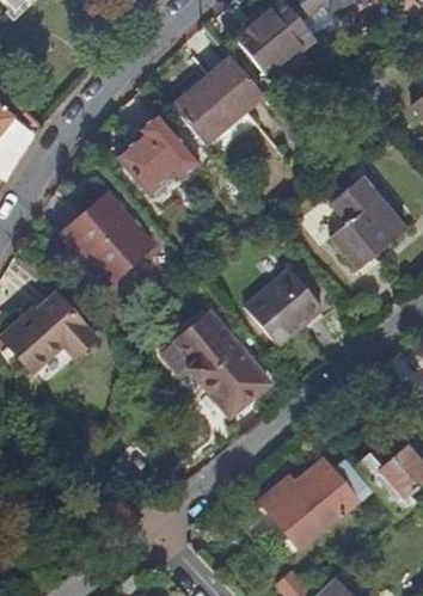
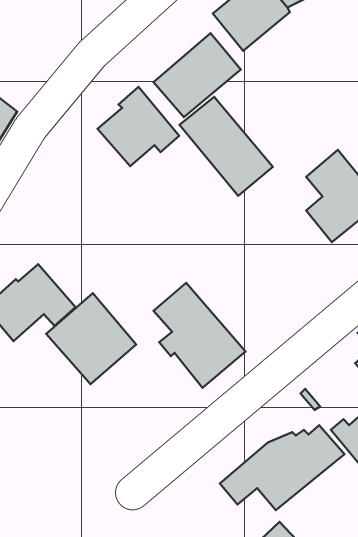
building: none -> [180,97,273,196]
building: [62,193,154,287] -> [46,293,136,384]
building: [244,266,311,330] -> none

